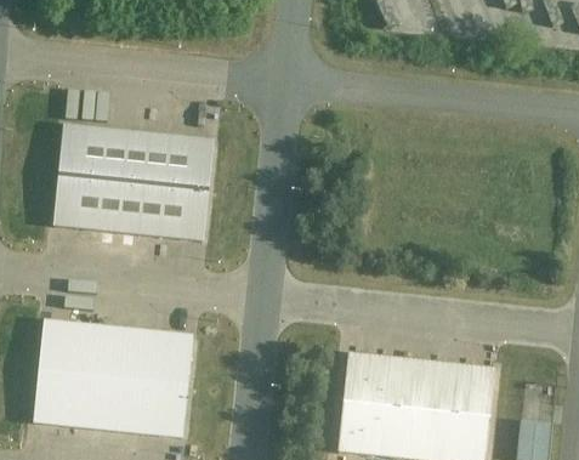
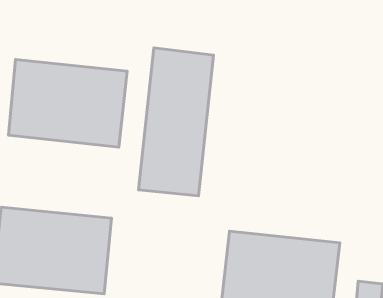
building: none -> [139,48,213,196]

